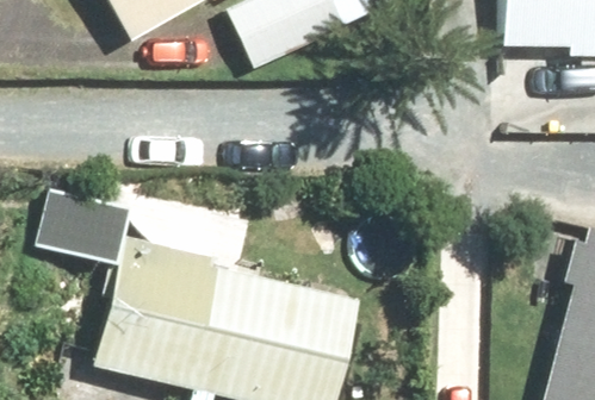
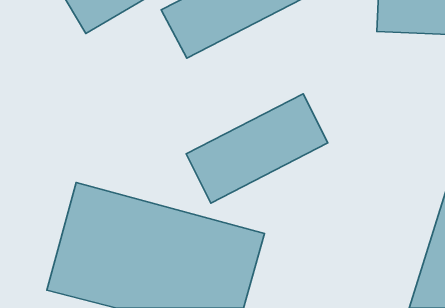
building: none -> [186,94,328,203]

